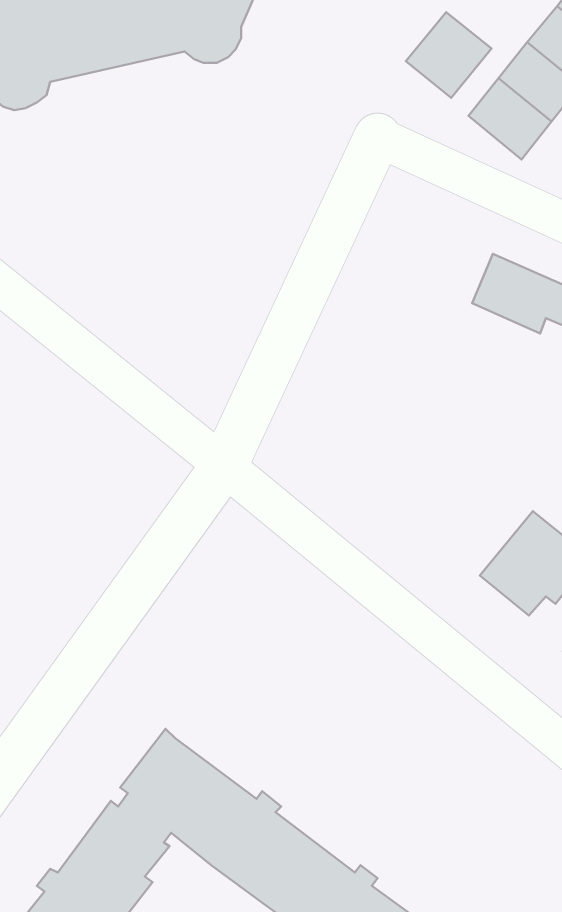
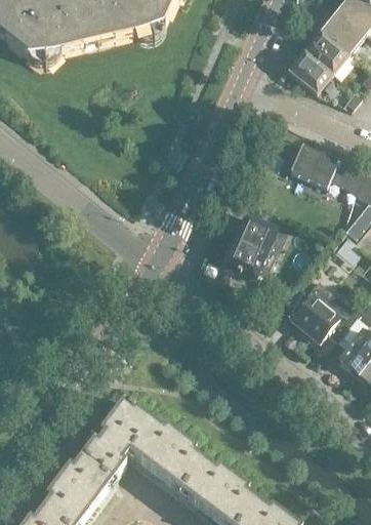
building: [406,12,491,98] -> none
building: none -> [223,214,276,278]

